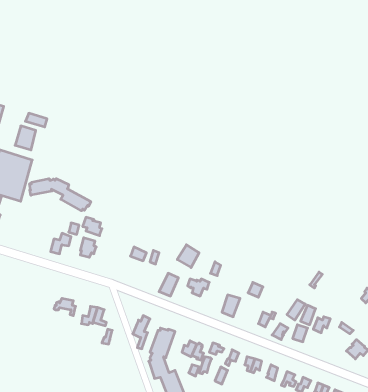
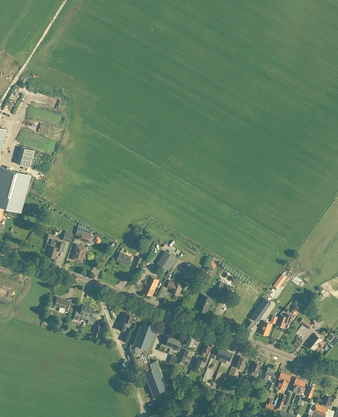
building: [30,179,91,211] -> none

